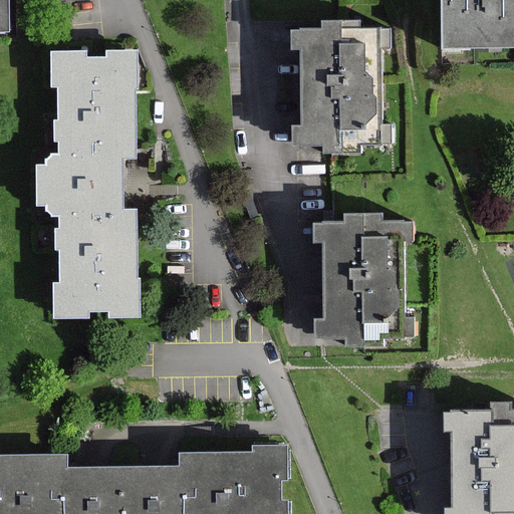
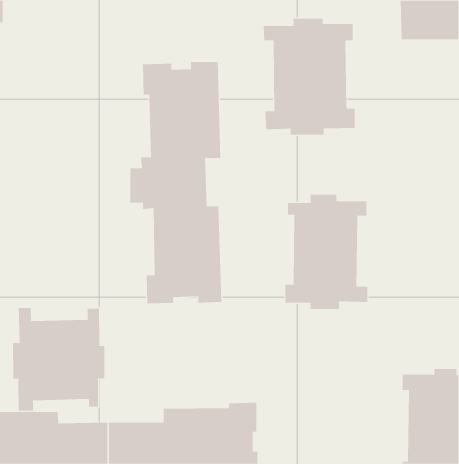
building: [36,47,139,315] -> [129,61,222,304]
building: none -> [13,307,105,411]

